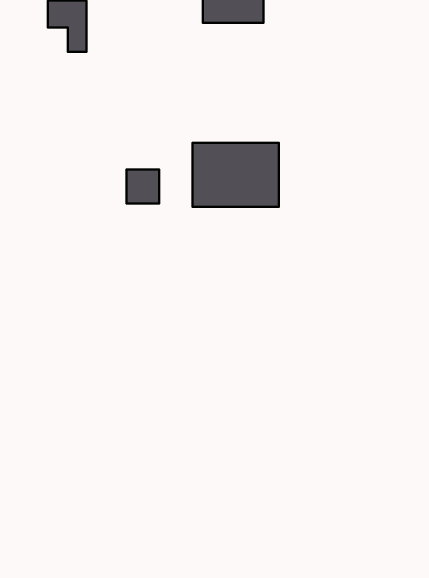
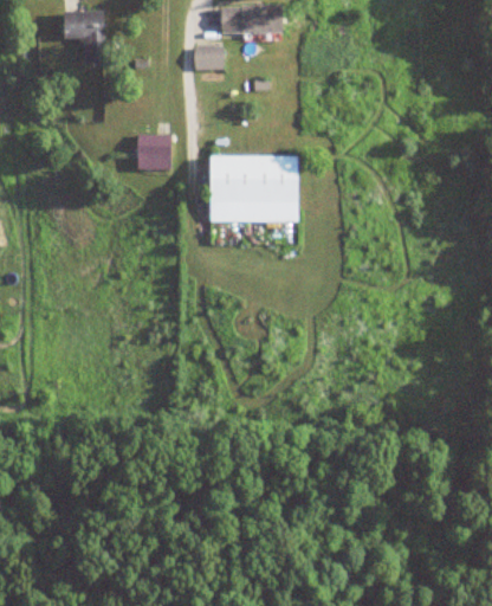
building: none -> [194,47,224,70]
building: [126,170,159,203] -> [137,135,170,169]

